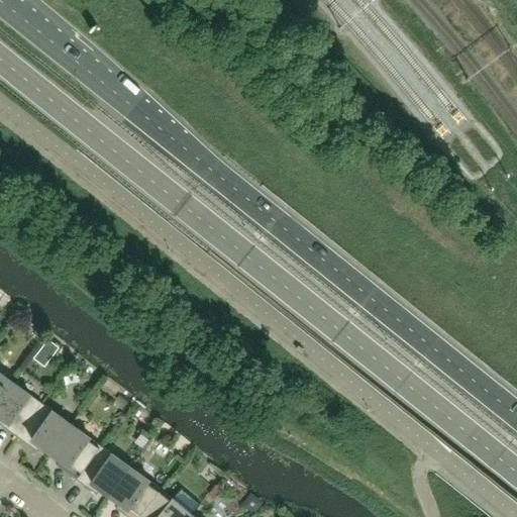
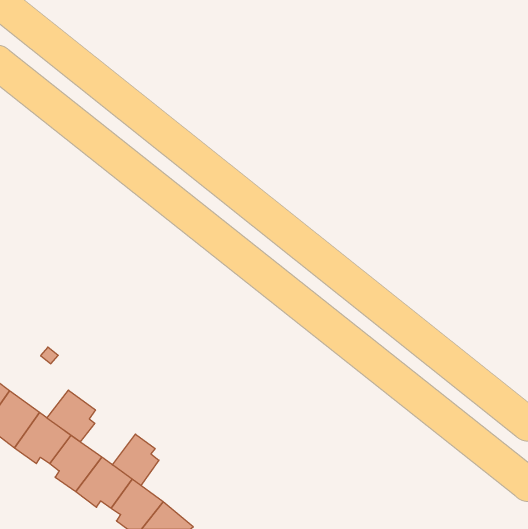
building: none -> [47,390,95,442]
building: none -> [112,434,159,485]

